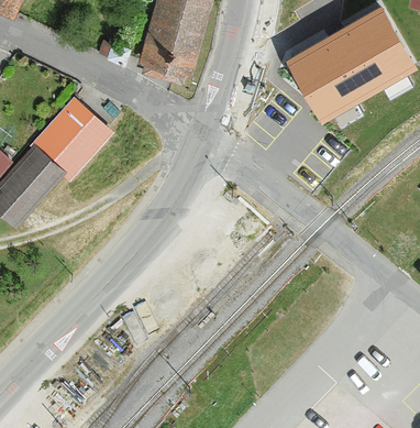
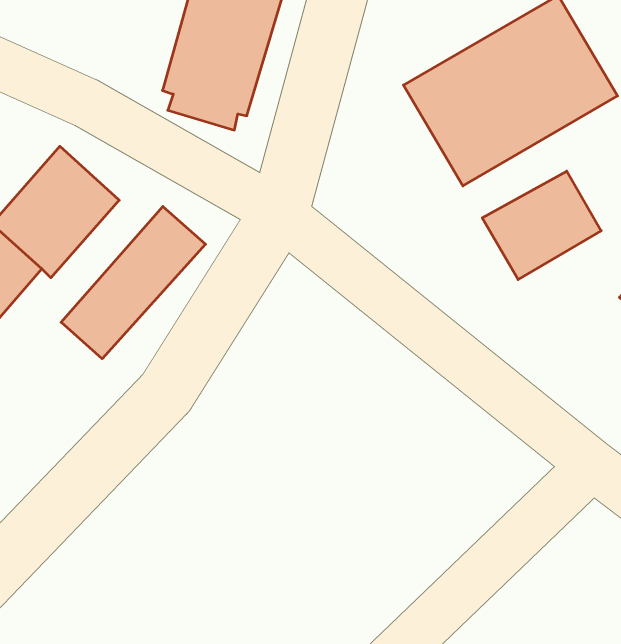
building: none -> [482,171,601,280]
building: none -> [61,206,206,359]

